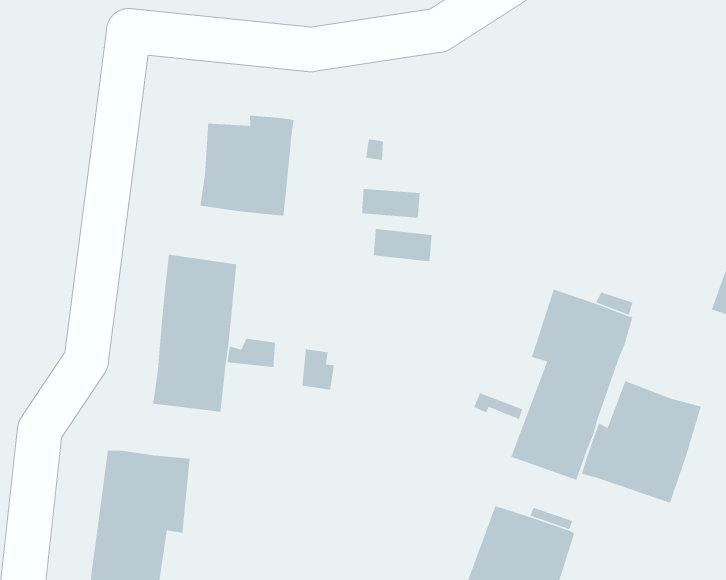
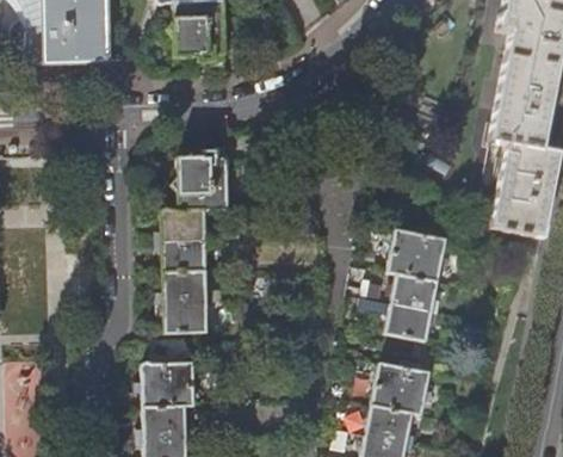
building: none -> [161,210,204,241]
building: [581,380,702,504] -> none

